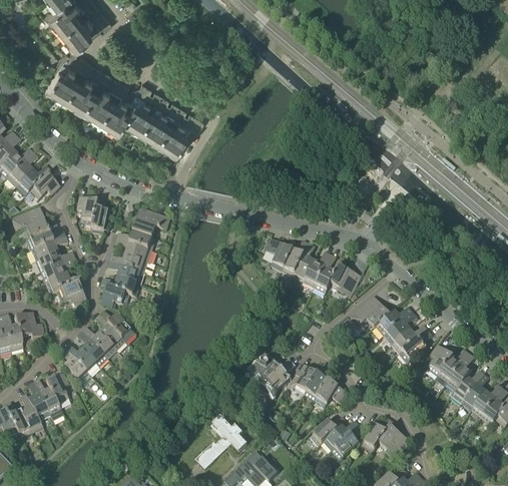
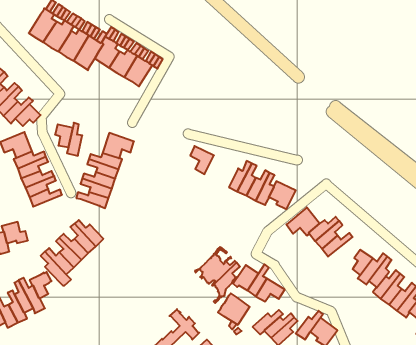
building: [265,237,293,271] -> [190,146,214,174]
building: [57,282,86,304] -> none
building: [100,285,129,307] -> none
building: [399,330,432,363] -> none
building: none -> [218,293,250,325]

